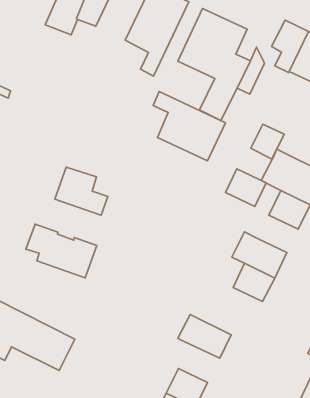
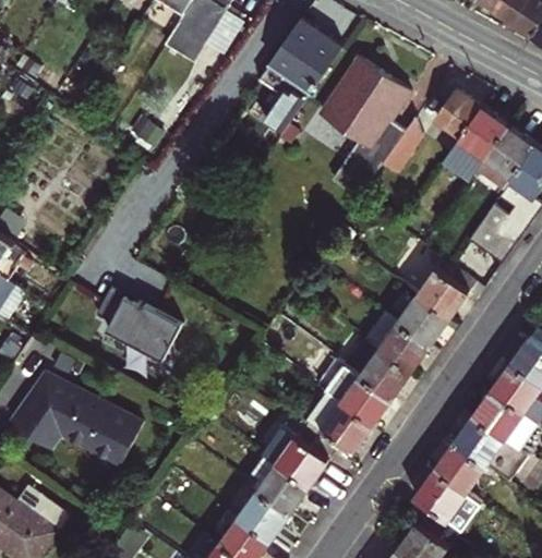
building: [153,92,225,161] -> none
building: [251,124,284,159] -> none
building: [55,167,108,215] -> none
building: [226,169,266,206] -> [378,322,430,371]
building: none -> [309,393,372,457]
building: none -> [251,454,309,512]

